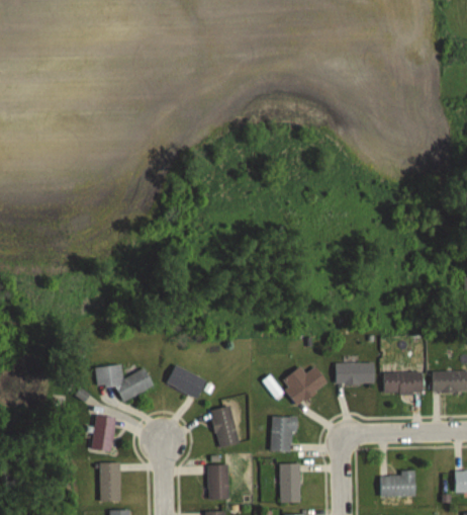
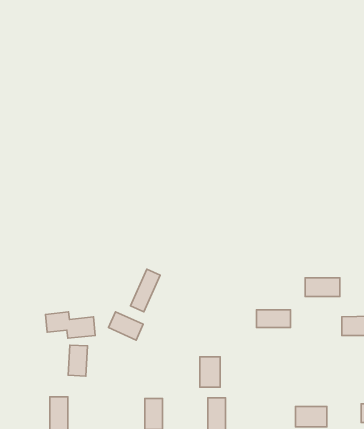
building: none -> [130,269,160,312]
building: [281,366,329,405] -> none
building: [383,372,423,394] -> [305,278,340,297]
building: [209,405,242,448] -> none
building: [92,416,114,451] -> [68,345,88,376]

